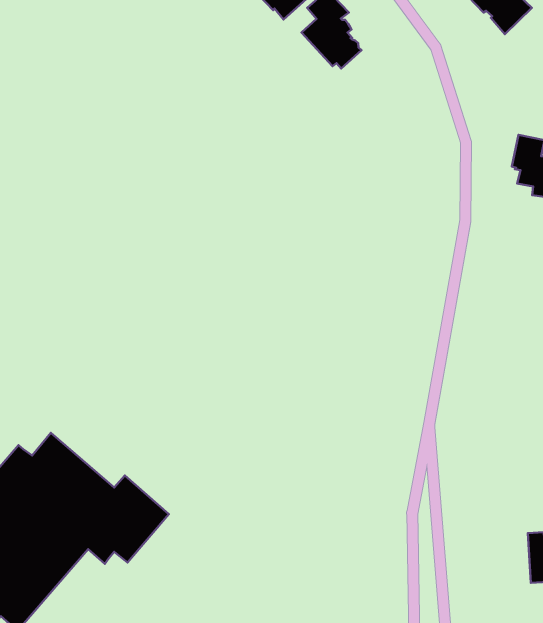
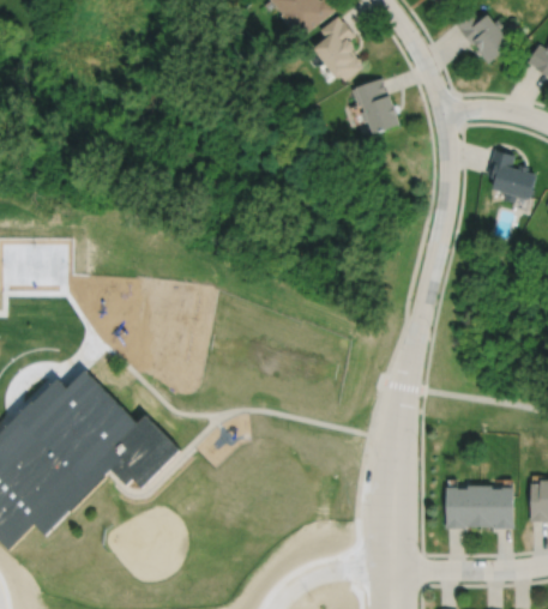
building: none -> [353,78,402,137]
building: none -> [445,482,478,526]

